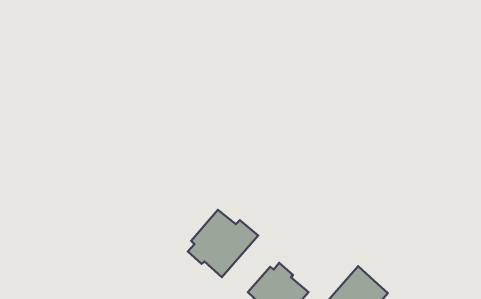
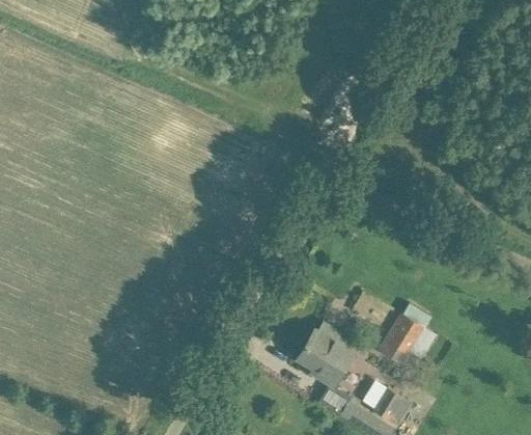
building: [188,210,258,277] -> none

